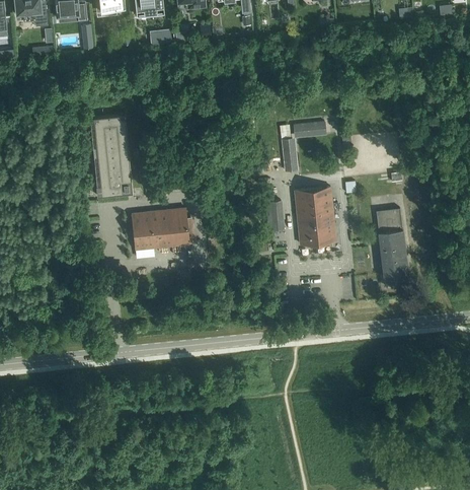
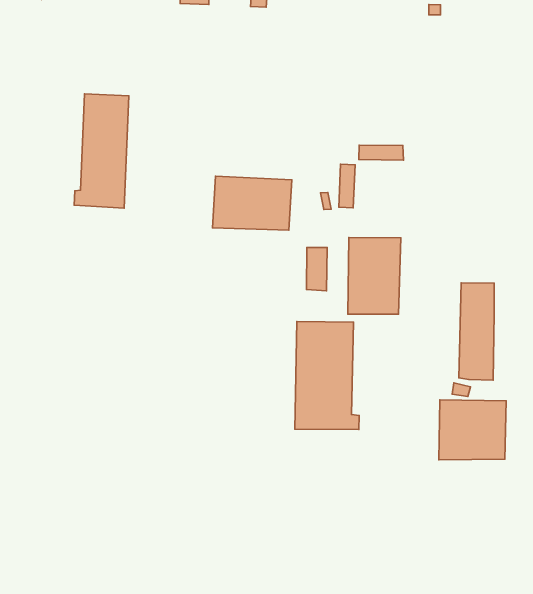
building: [132,208,188,250] -> [213,176,292,230]
building: none -> [295,321,359,429]
building: none -> [439,400,506,460]

